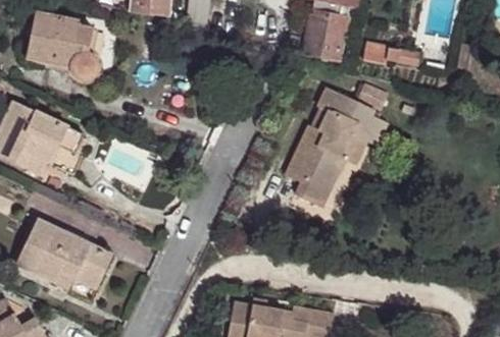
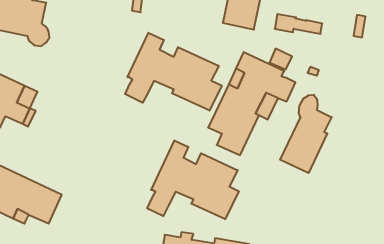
building: none -> [125,33,222,111]
building: none -> [280,95,332,173]
building: none -> [147,140,239,219]

